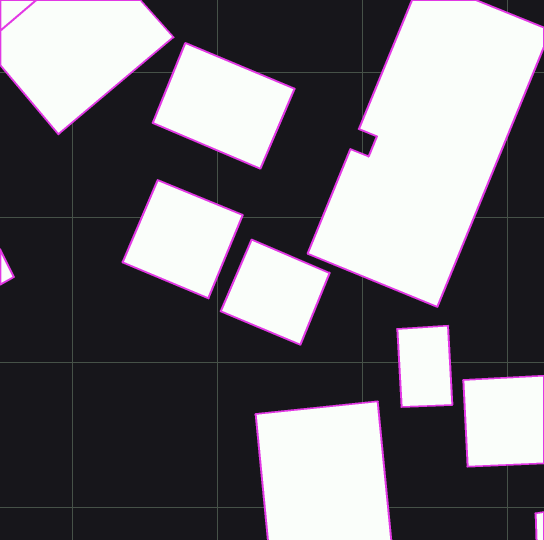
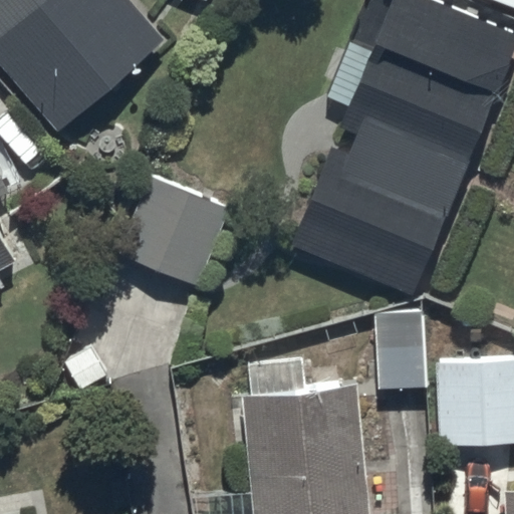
building: [153,43,295,169] -> none
building: [221,240,330,345] -> none

